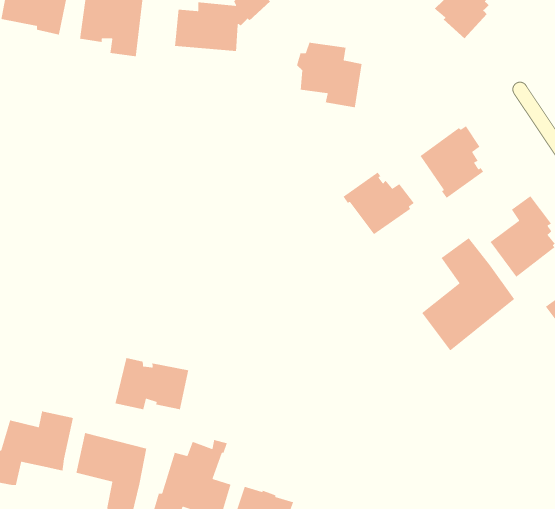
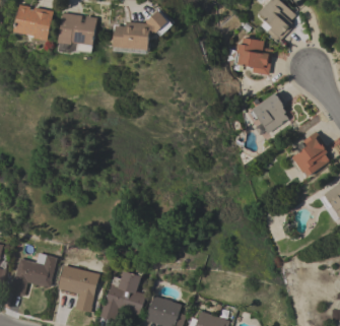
building: [296,42,363,108] -> [234,38,272,75]
building: [343,171,415,235] -> none
building: [421,237,515,351] -> none
building: [114,357,189,410] -> none

